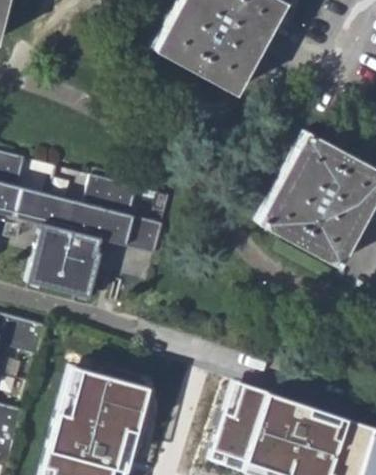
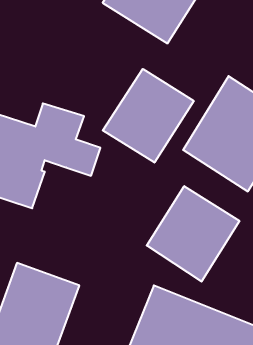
building: none -> [103,69,194,163]
building: none -> [147,186,239,282]

